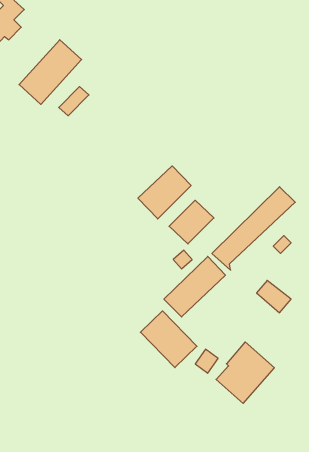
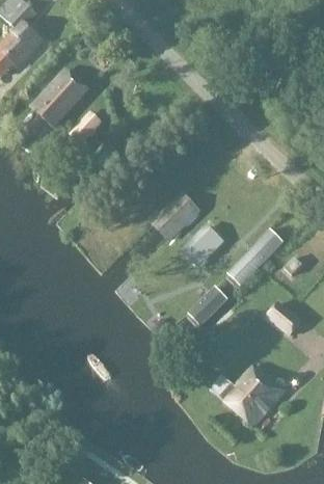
building: [140,311,197,368] -> none

